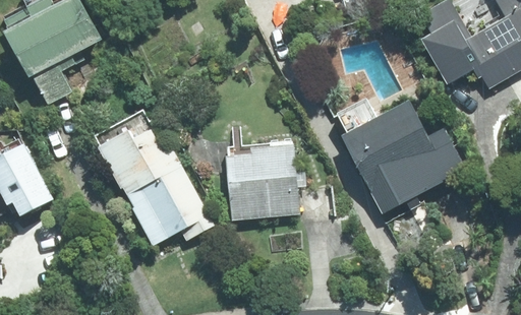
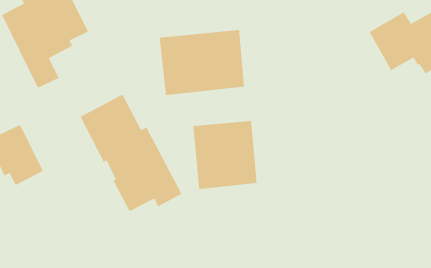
building: none -> [159,29,245,96]
building: [337,102,468,216] -> none

